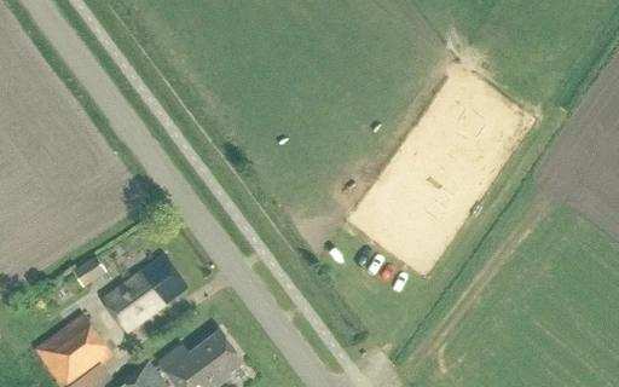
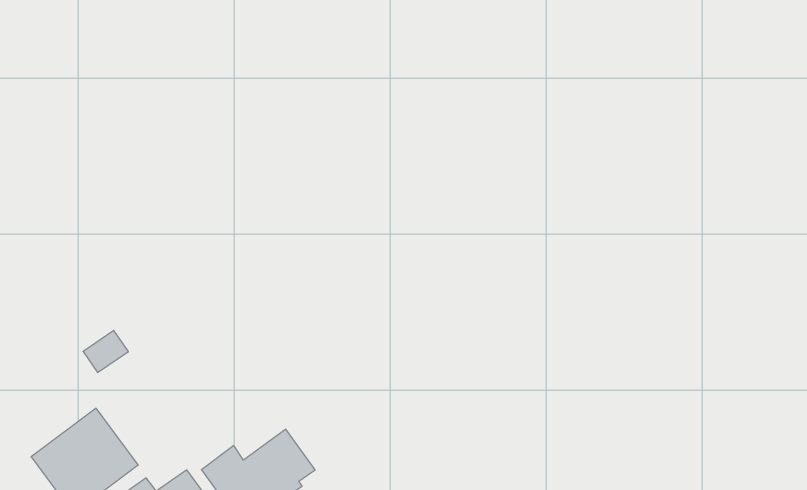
building: [104,255,187,331] -> none

